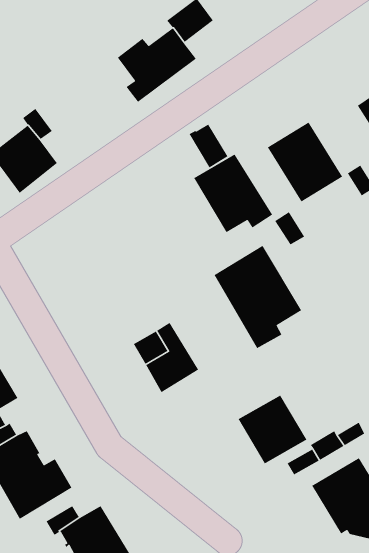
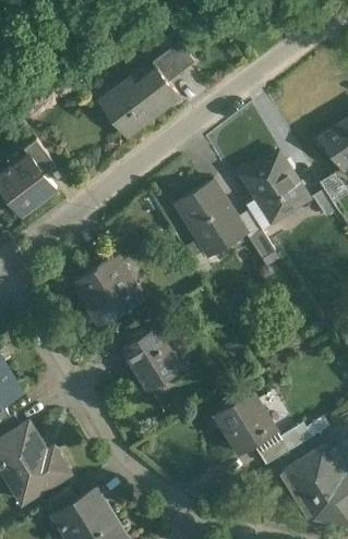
building: [188,123,228,168] -> none
building: none -> [80,255,144,322]
building: [214,245,302,349] -> none

